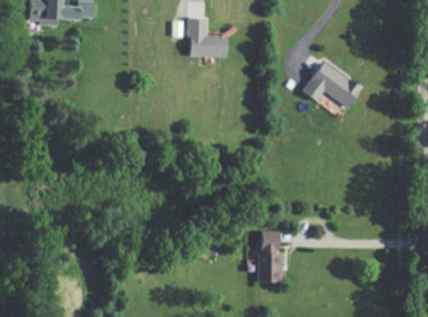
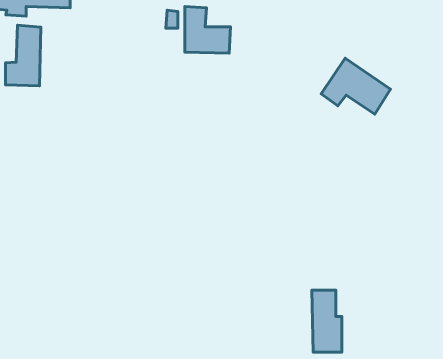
building: none -> [5,25,41,86]
building: [258,231,283,283] -> [312,290,342,352]

